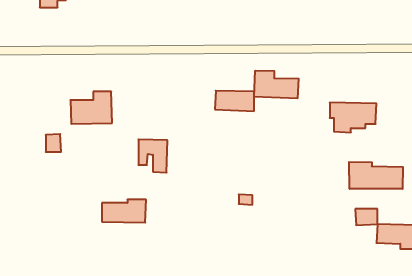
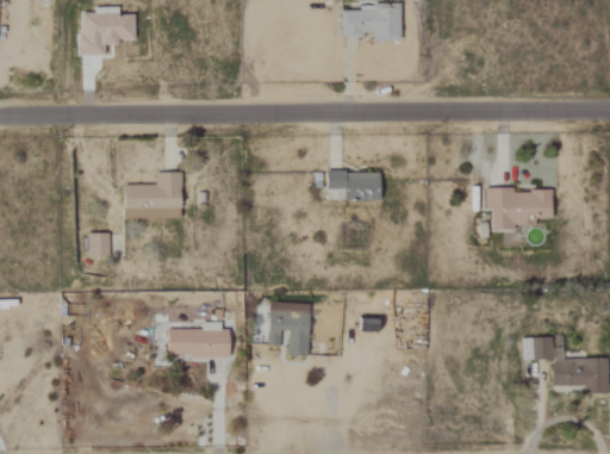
building: [254,71,299,98] -> none
building: [138,139,167,173] -> [269,310,310,356]
building: [349,162,403,189] -> none

